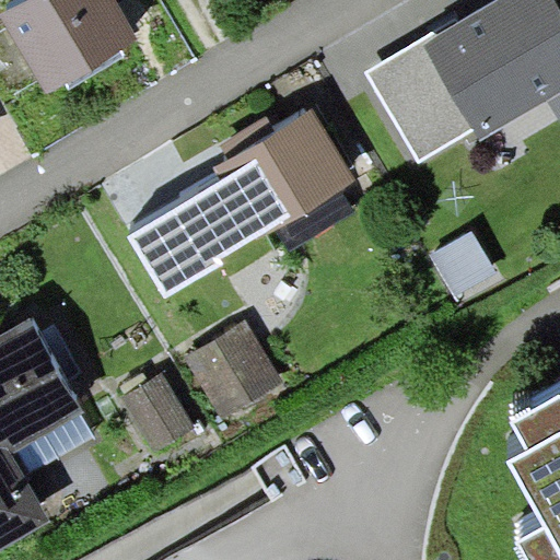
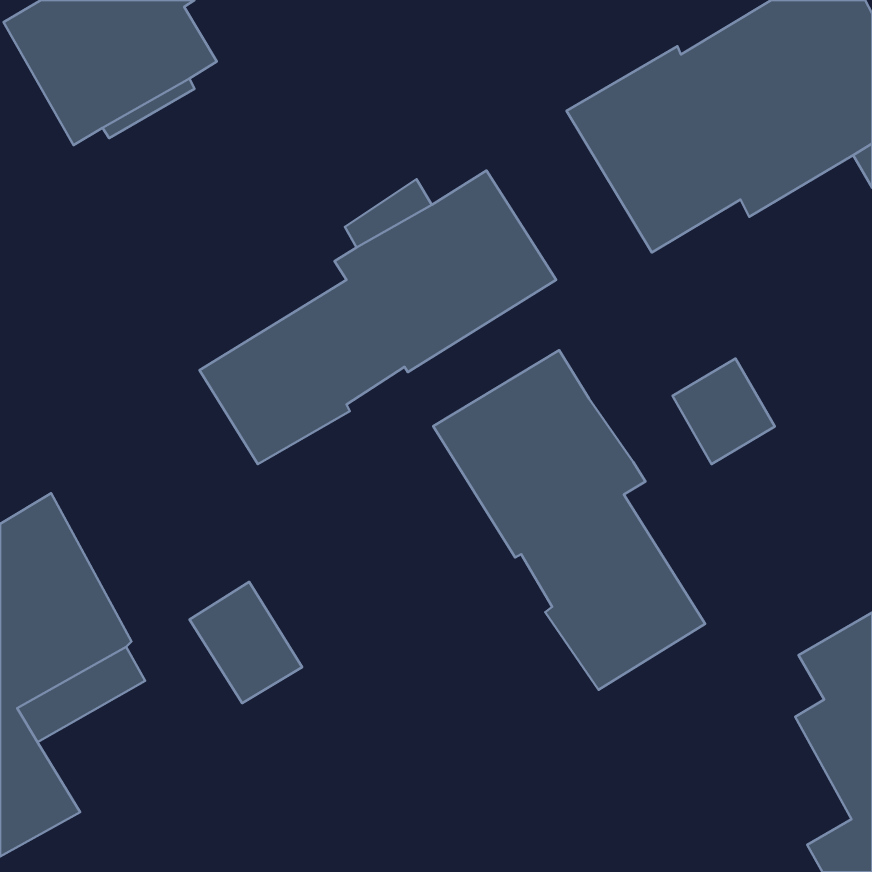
building: none -> [433,350,705,690]
building: [185,319,285,420] -> none

